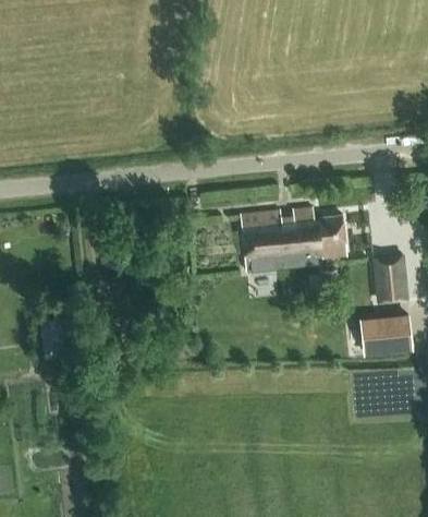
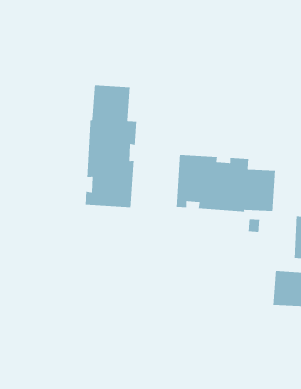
building: none -> [85,84,137,208]

